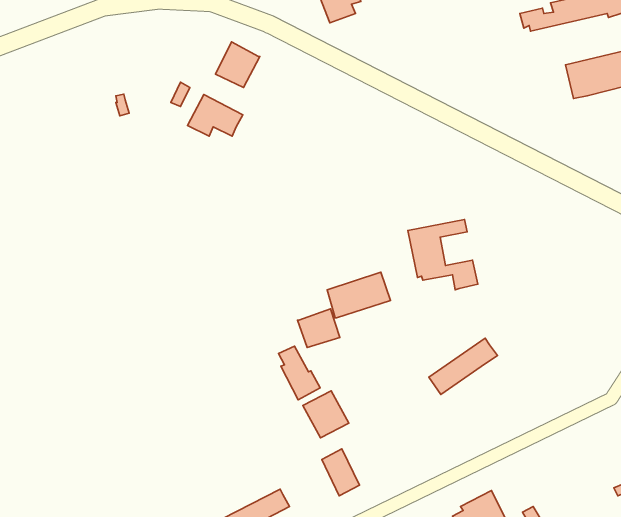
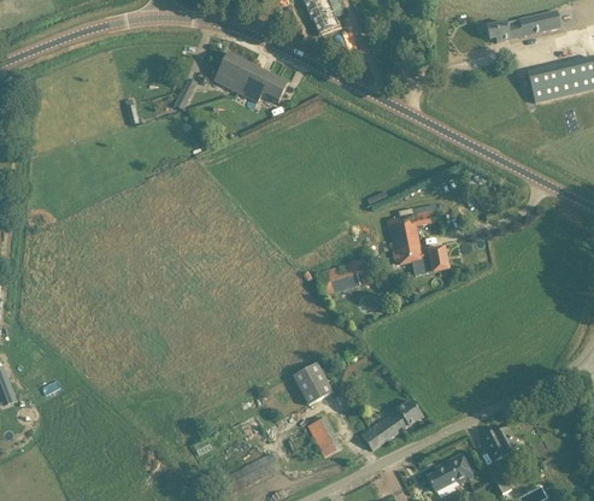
building: [188,94,243,136] -> [237,65,287,102]
building: [298,309,340,348] -> none
building: [429,338,497,395] -> [359,400,420,450]
building: [278,346,320,400] -> none
building: none -> [480,426,518,461]

